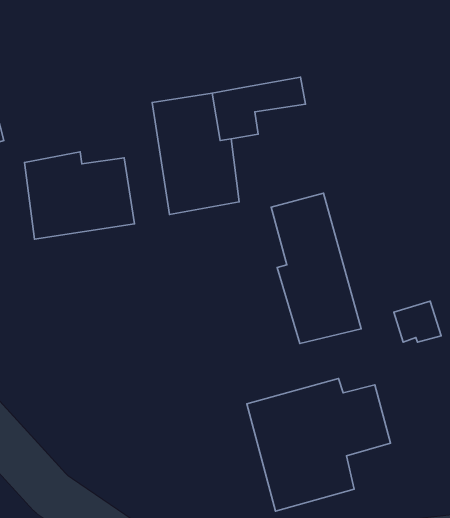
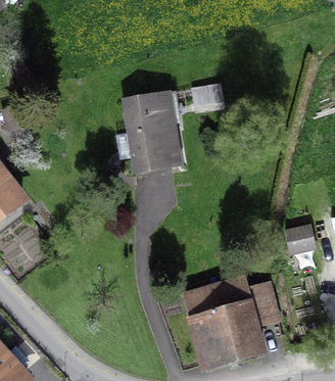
building: [24,152,134,239] -> none
building: [271,193,361,343] -> none

